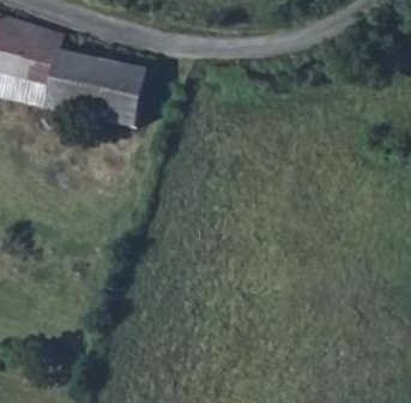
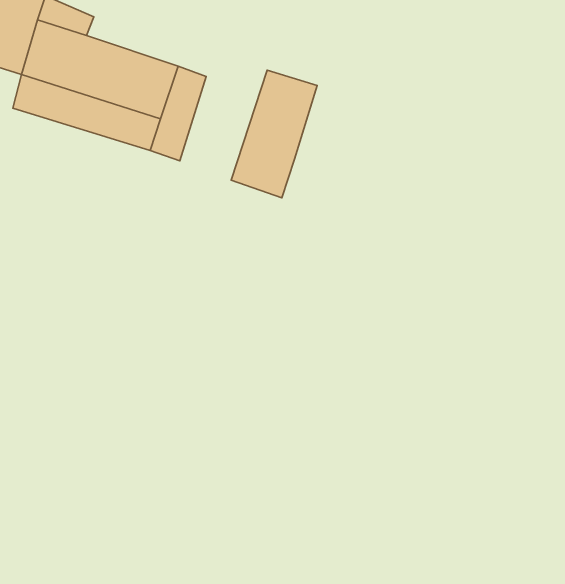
building: none -> [231,70,317,198]

